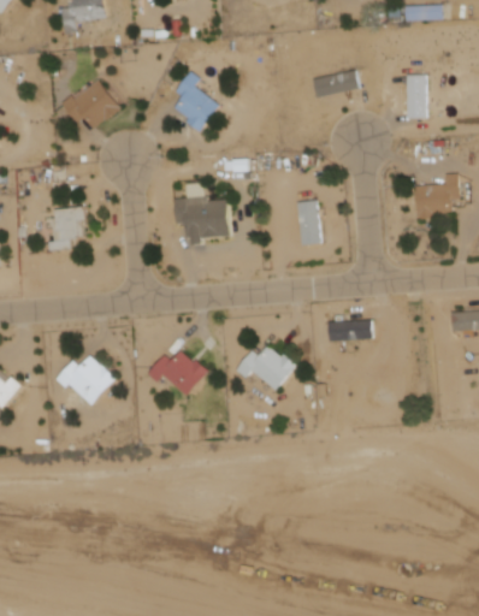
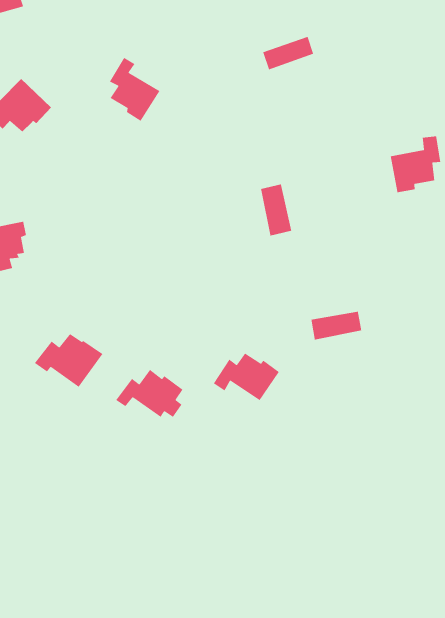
building: [404,75,426,119] -> none
building: [172,196,229,245] -> none
building: [54,356,117,405] -> [34,333,104,388]

